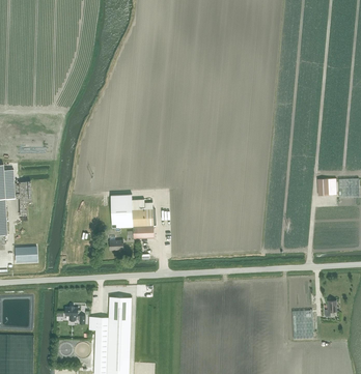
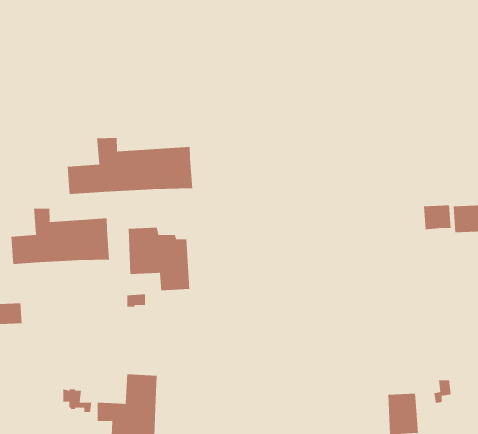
building: none -> [67,137,193,195]
building: none -> [11,208,109,265]

